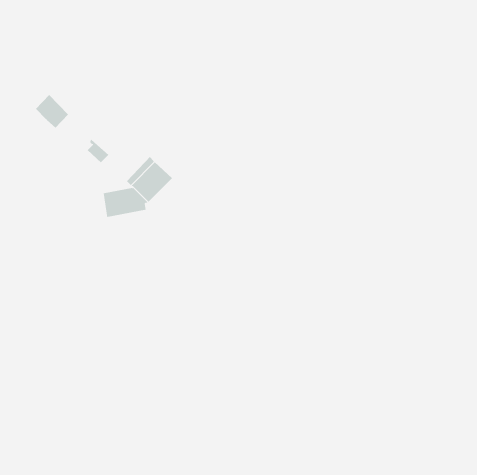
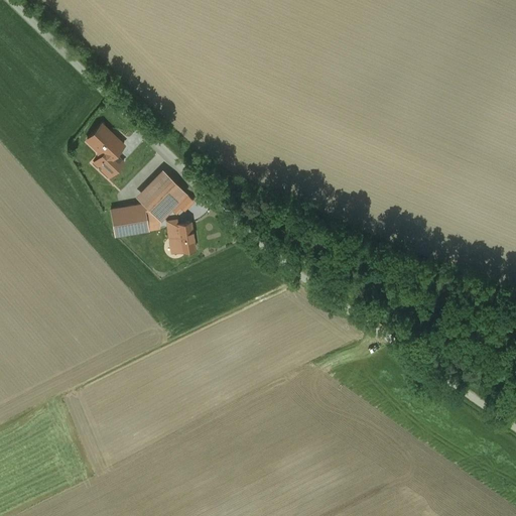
building: [35,94,69,129] -> [87,124,123,161]
building: none -> [168,223,196,254]

